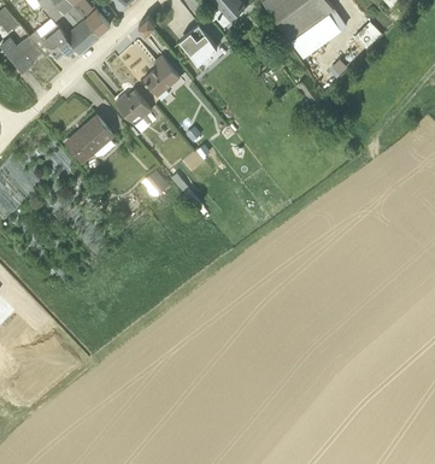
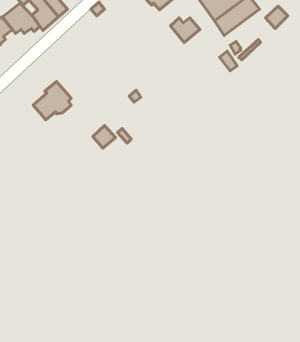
building: [181,34,217,64] -> [170,18,200,42]
building: [143,57,180,100] -> none
building: [116,90,152,133] -> none

